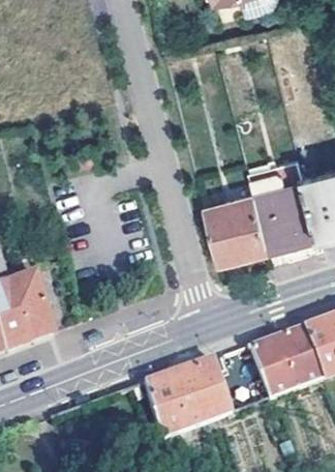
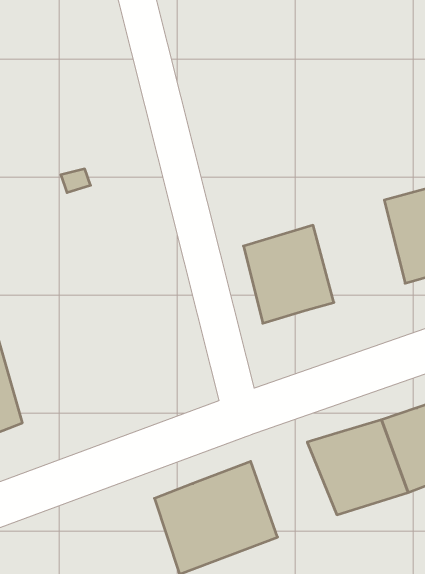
building: [248,156,318,246] -> none

